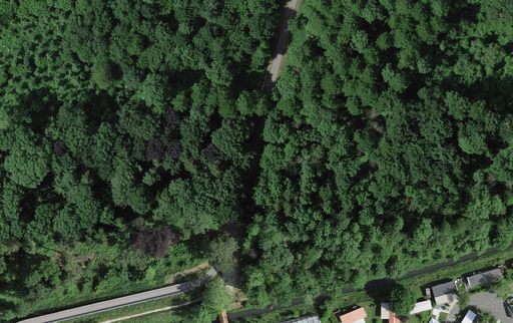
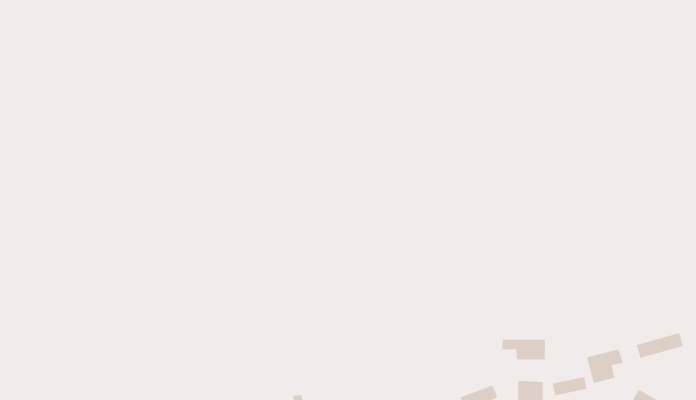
building: none -> [502,339,545,360]

